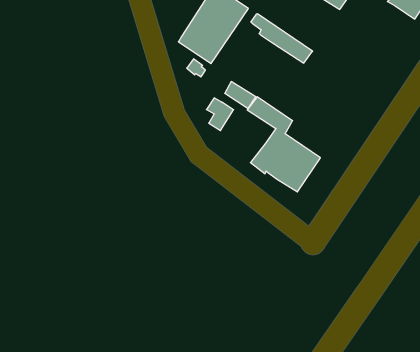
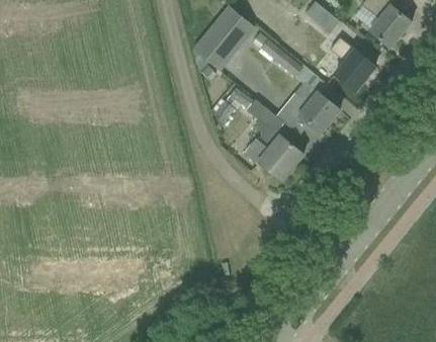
building: none -> [329,38,375,92]
building: none -> [285,82,340,134]

